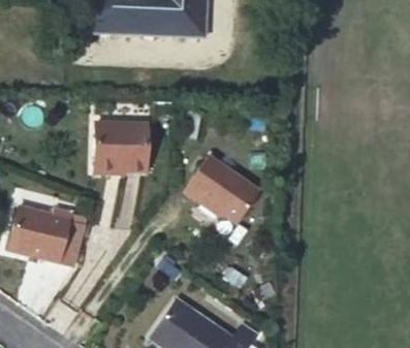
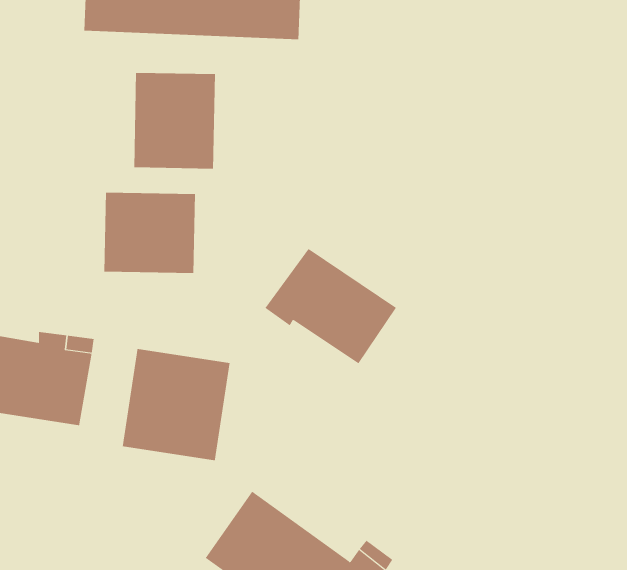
building: none -> [134,72,215,169]
building: none -> [122,348,230,461]

